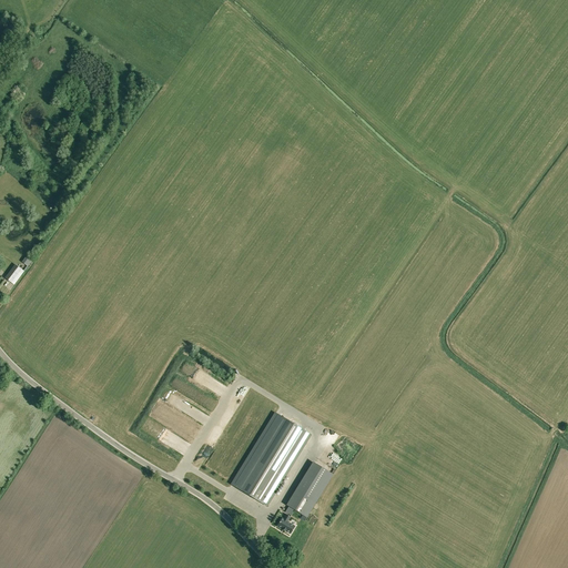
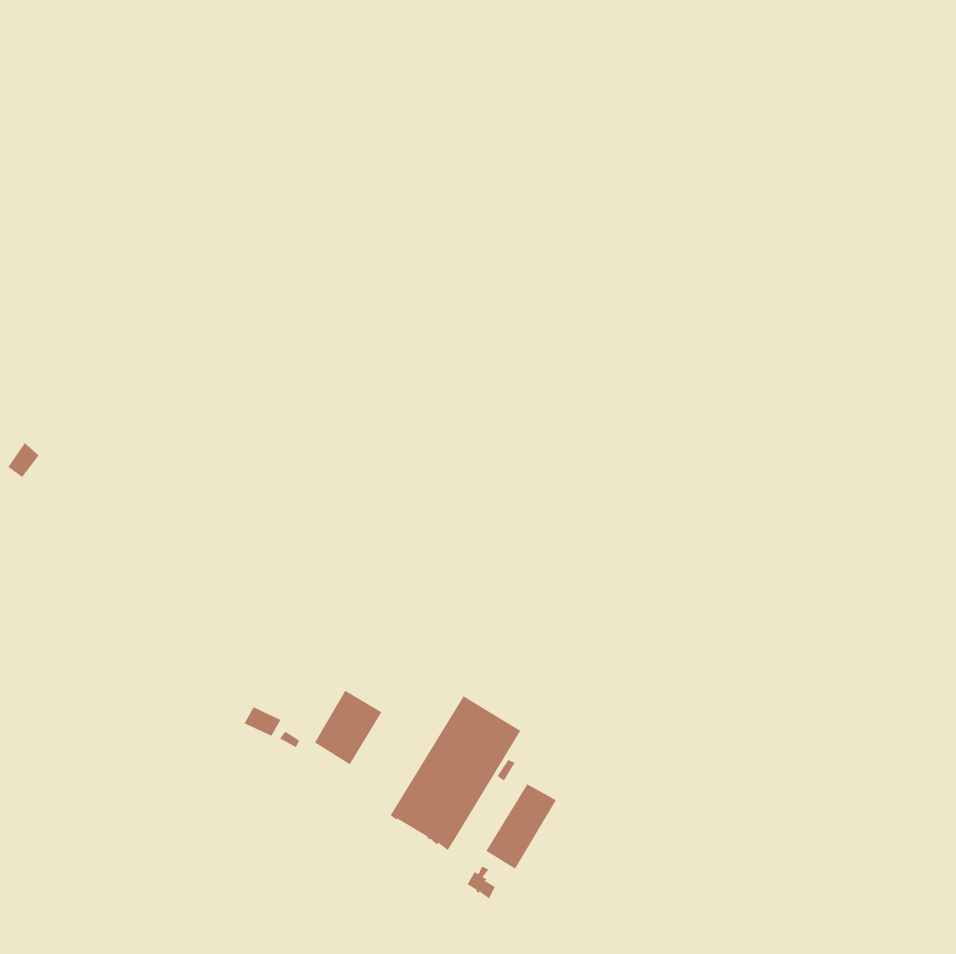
building: none -> [314,690,382,765]

